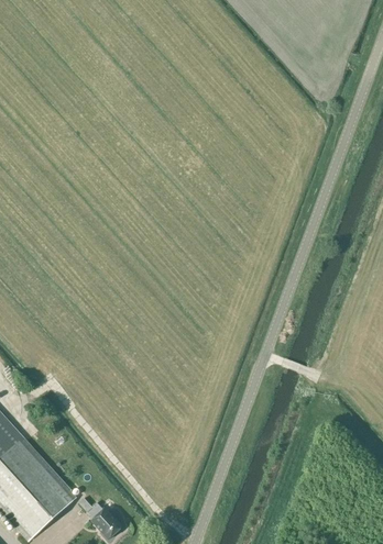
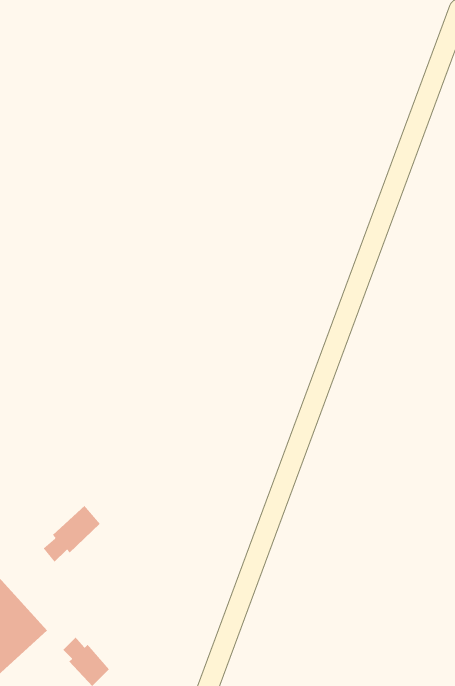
building: none -> [43,505,100,562]

